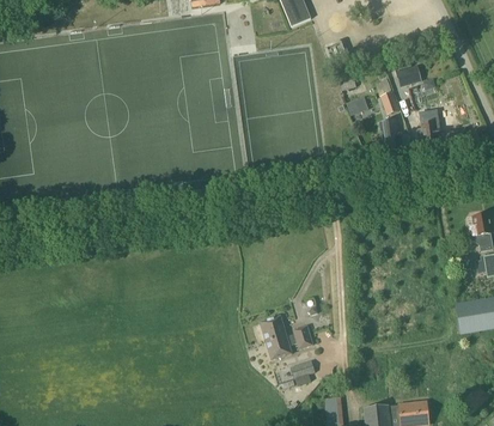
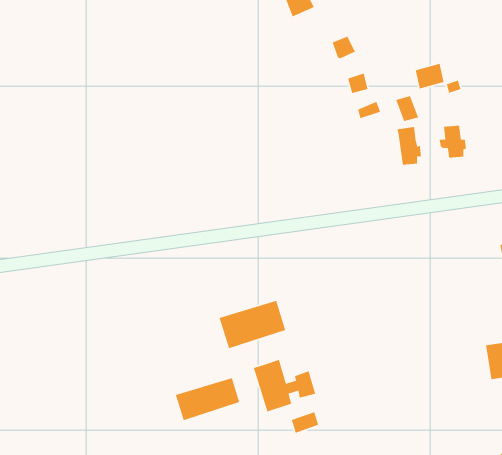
building: none -> [218,300,286,349]
building: none -> [175,377,240,421]

